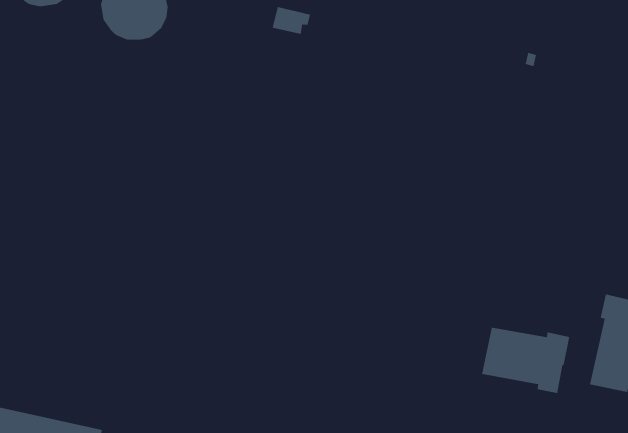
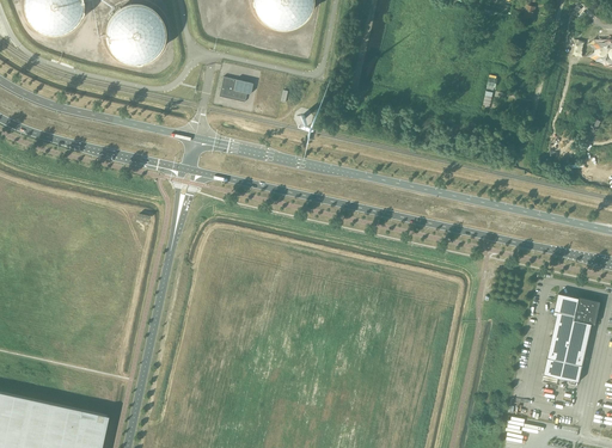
building: [272,6,311,34] -> [219,76,253,102]
building: [482,327,570,394] -> none

